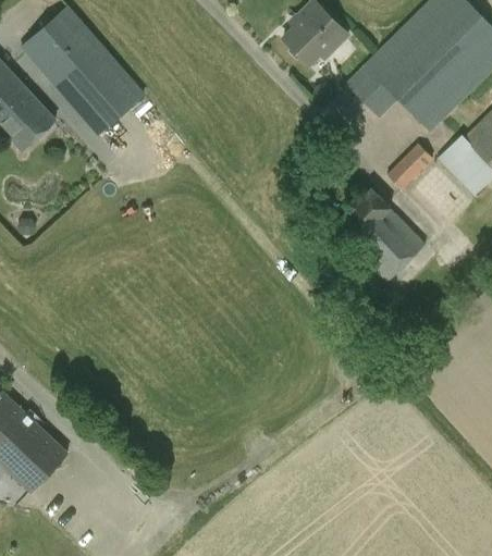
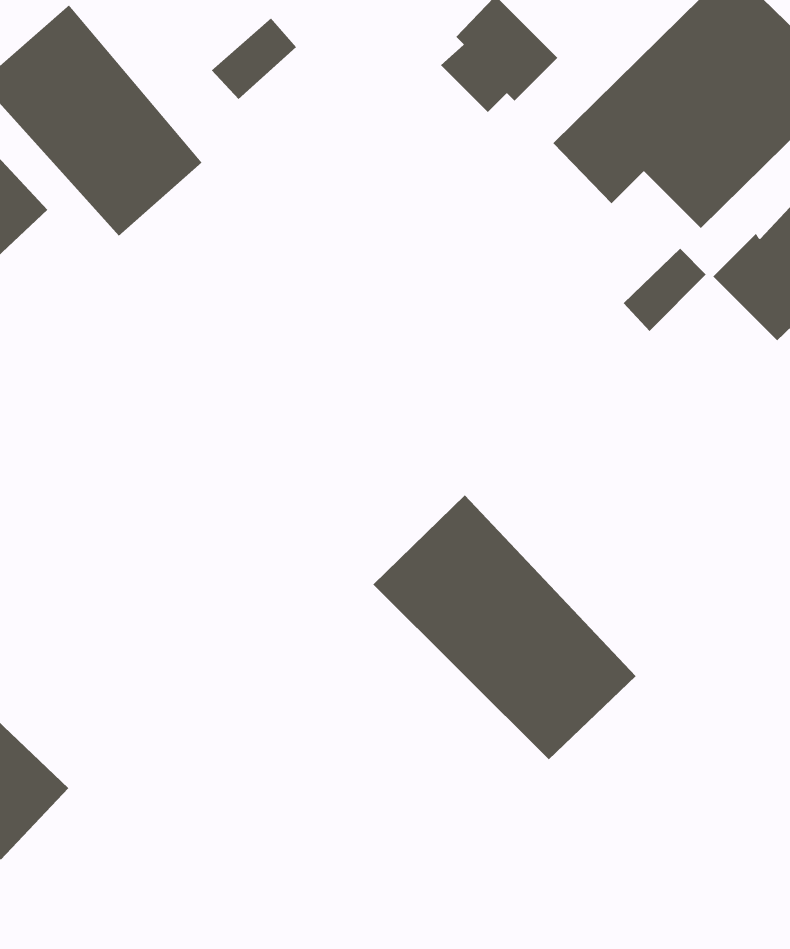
building: none -> [211,18,297,100]
building: [323,186,425,283] -> none
building: none -> [372,495,637,760]

